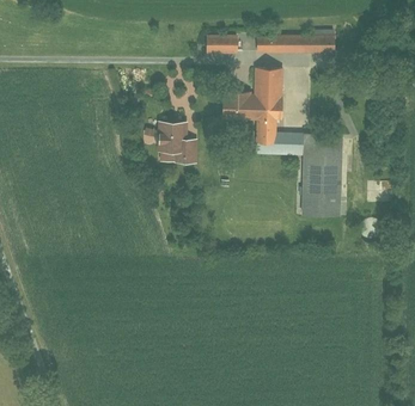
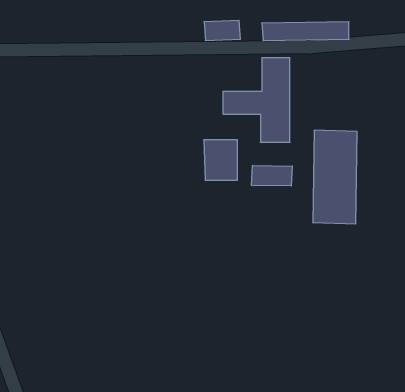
building: [154,119,184,155] -> [204,140,237,180]
building: none -> [252,165,292,186]

